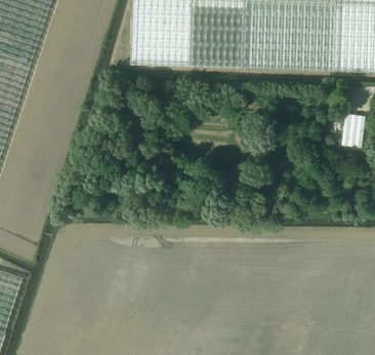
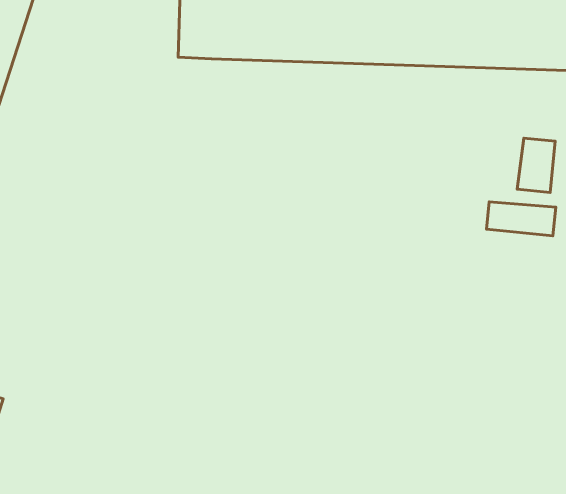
building: none -> [487,202,556,236]

